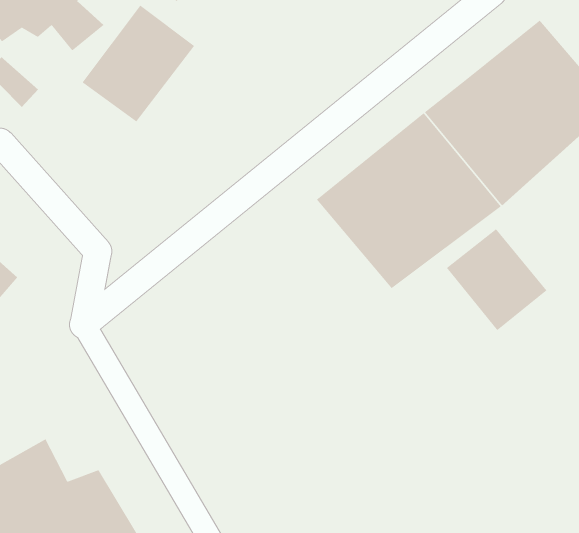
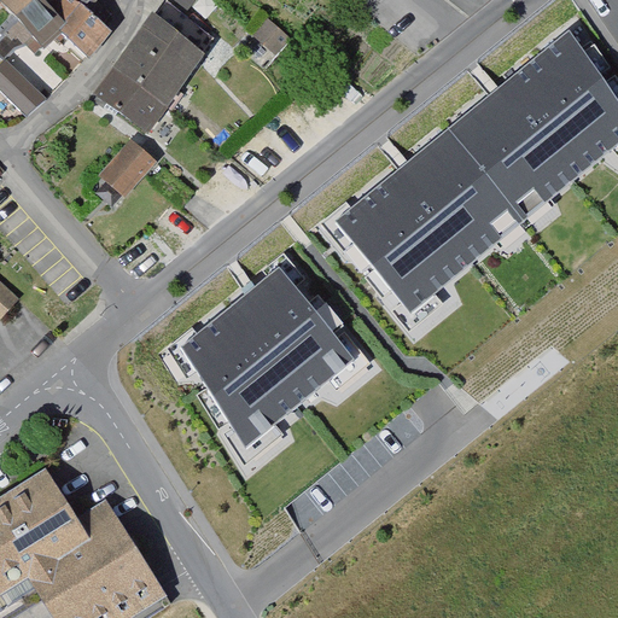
building: none -> [94,138,156,200]
building: [446,228,548,331] -> none
building: none -> [165,256,381,480]

